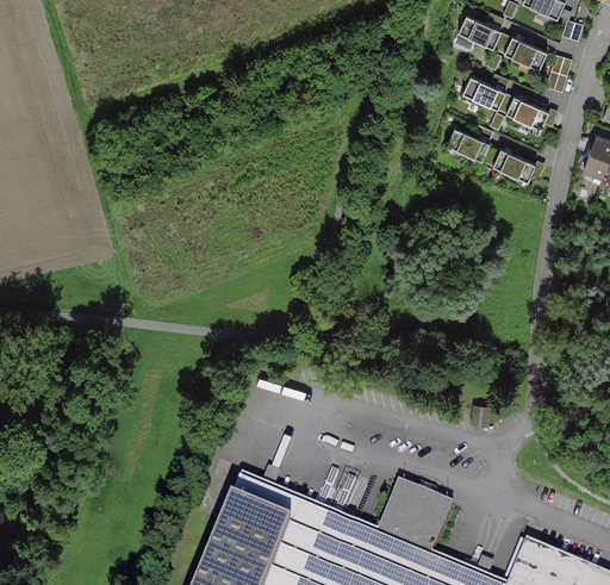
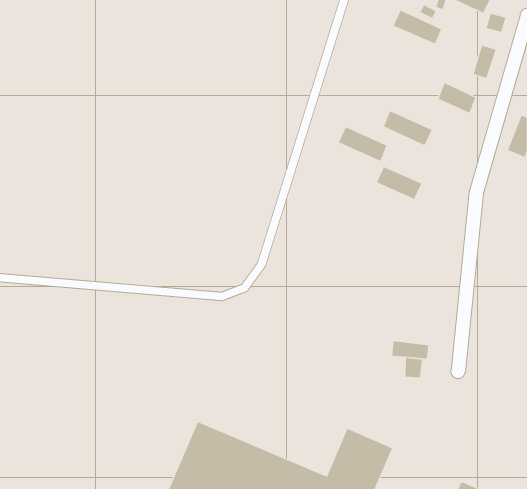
building: [504,38,548,71] -> none
building: [459,76,513,116] -> [338,126,387,162]
building: [492,150,543,187] -> [376,166,422,200]
building: none -> [392,341,429,359]

